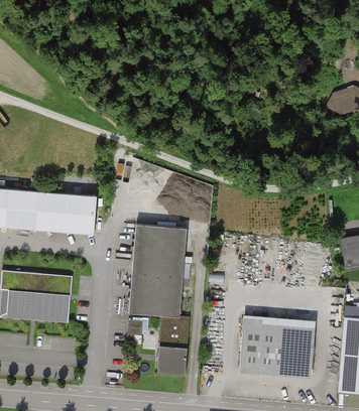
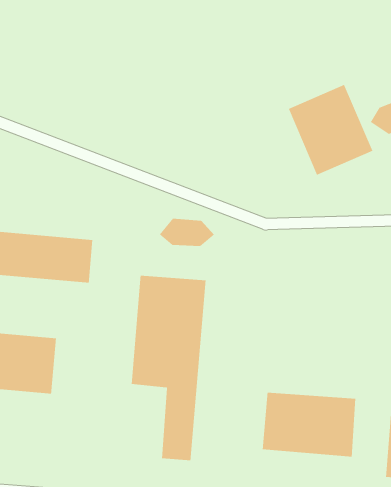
building: none -> [288,84,373,176]
building: none -> [159,218,215,247]

